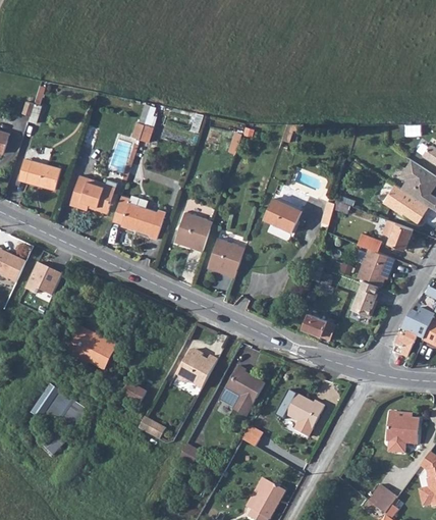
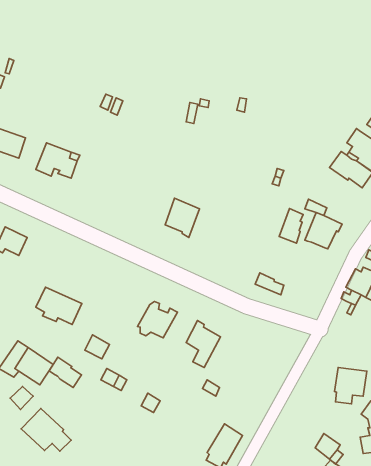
building: [114,192,168,238] -> none
building: [263,196,301,228] -> none
building: [176,209,213,249] -> none
building: [381,219,413,249] -> none
building: [351,280,377,317] -> [279,209,303,243]
building: [285,395,325,438] -> none
building: none -> [49,357,81,387]
building: none -> [21,409,71,451]

